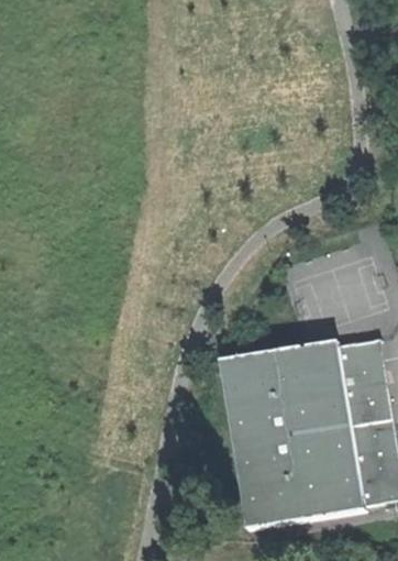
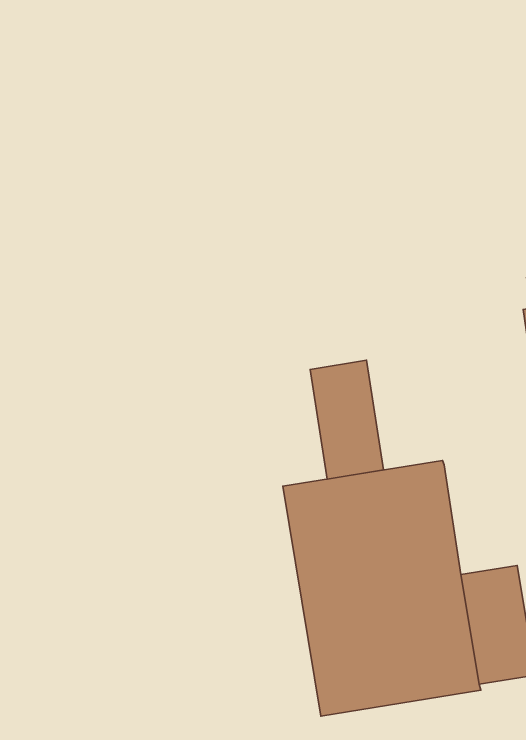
building: [338,337,390,422] -> [310,360,383,479]

